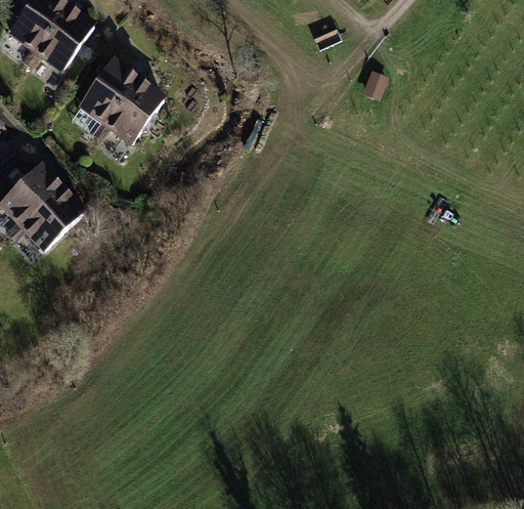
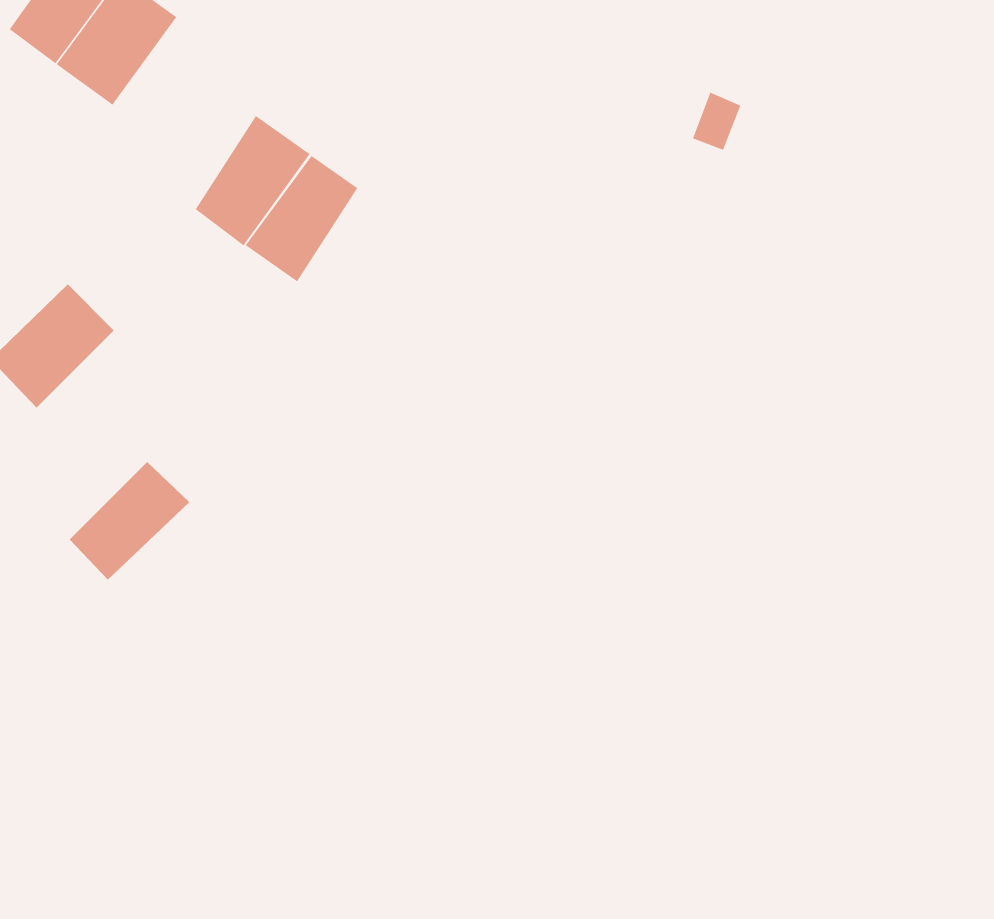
building: [76,59,135,126] -> [245,155,358,282]
building: [20,189,84,252] -> [69,461,190,580]

